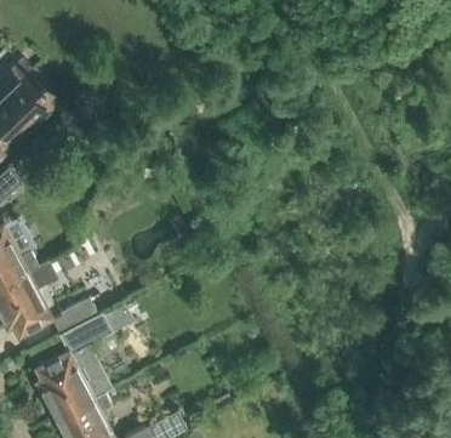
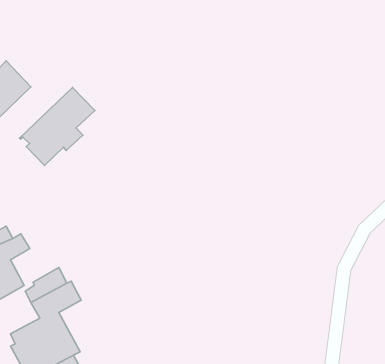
building: none -> [20,87,95,166]

